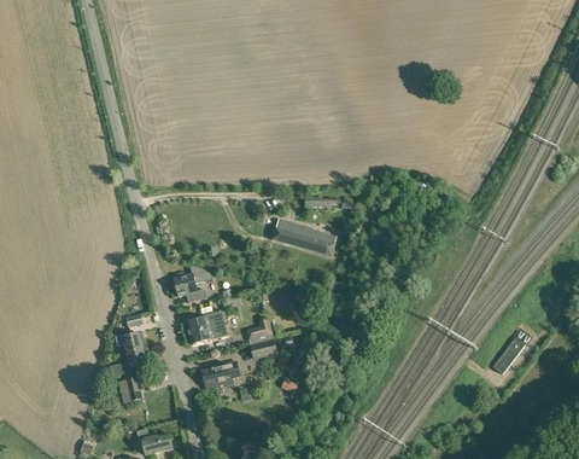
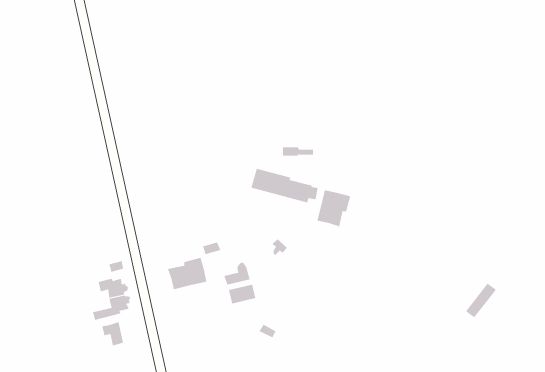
building: none -> [317,190,351,227]
building: [174,265,211,301] -> none
building: [201,359,240,389] -> none

